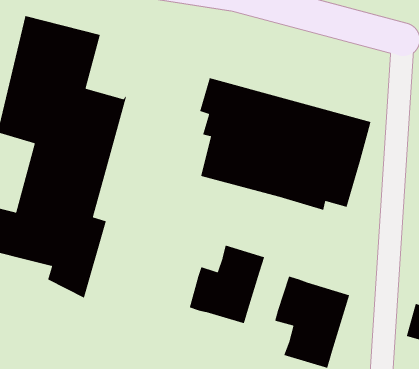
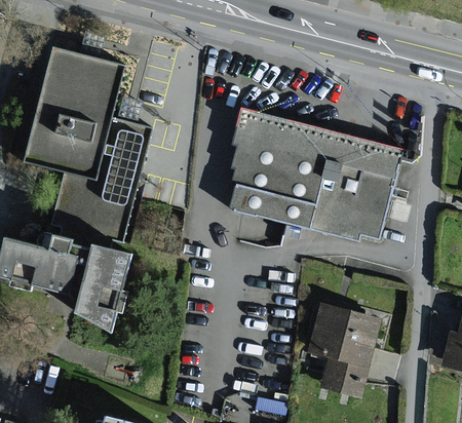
building: [189,244,265,324] -> none

